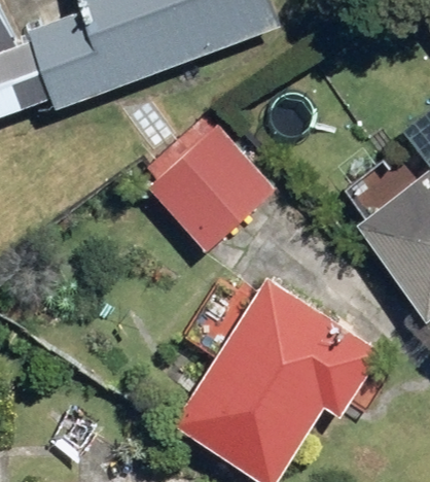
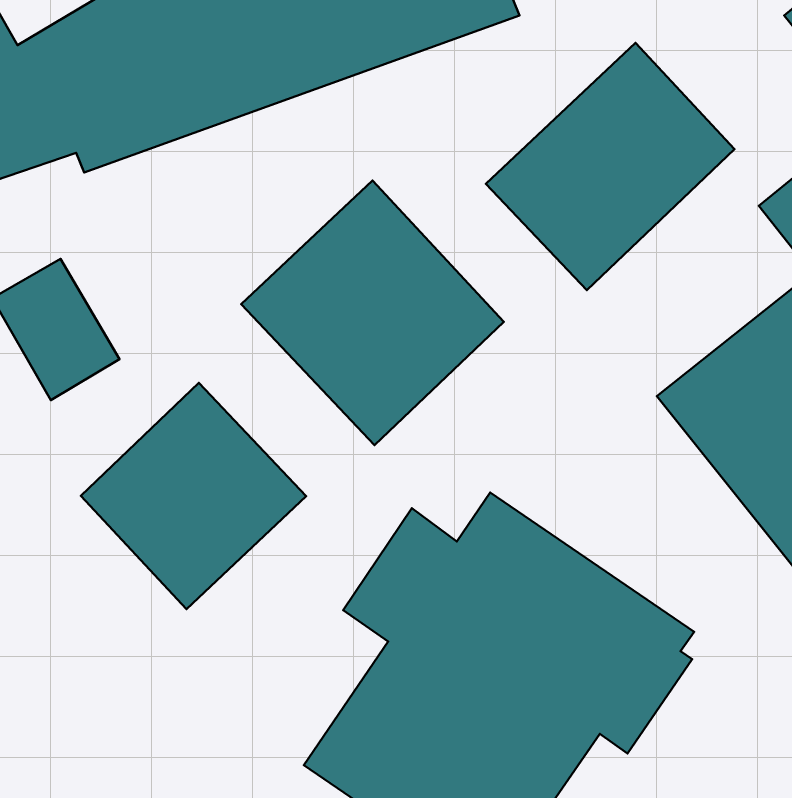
building: none -> [486,43,734,290]
building: none -> [81,383,306,609]

